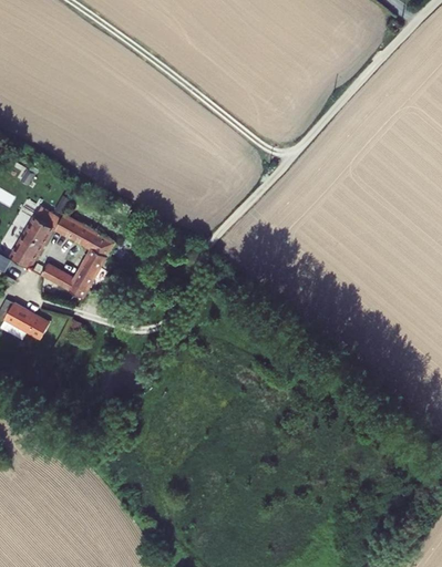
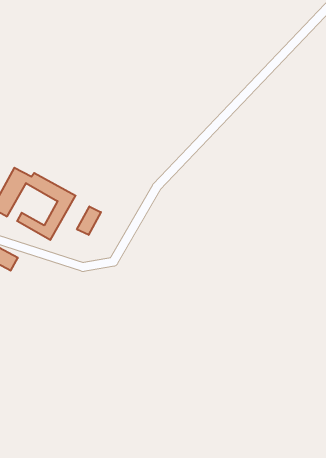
building: none -> [77,206,101,235]

